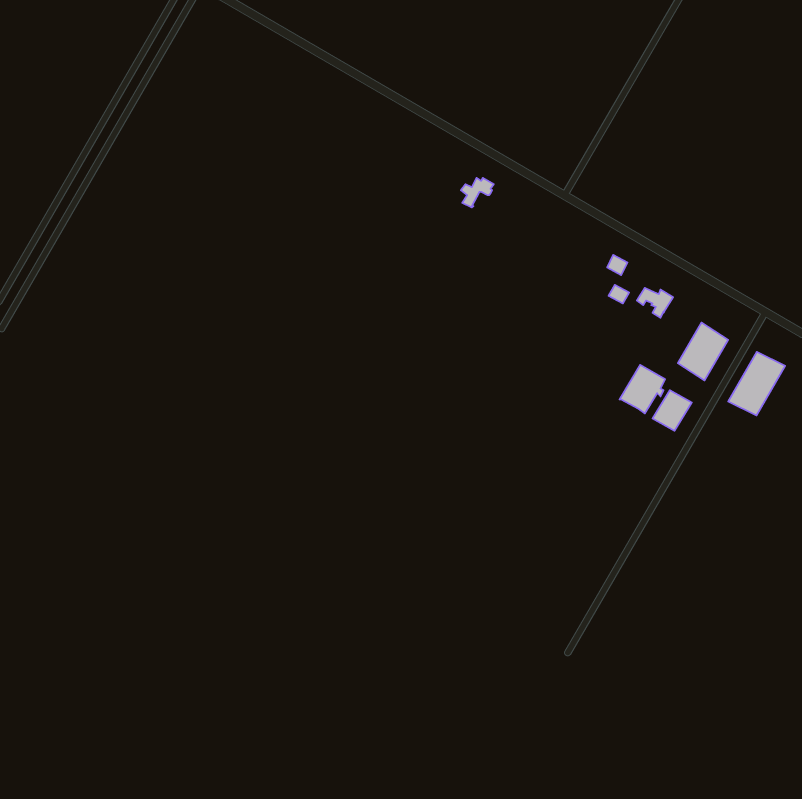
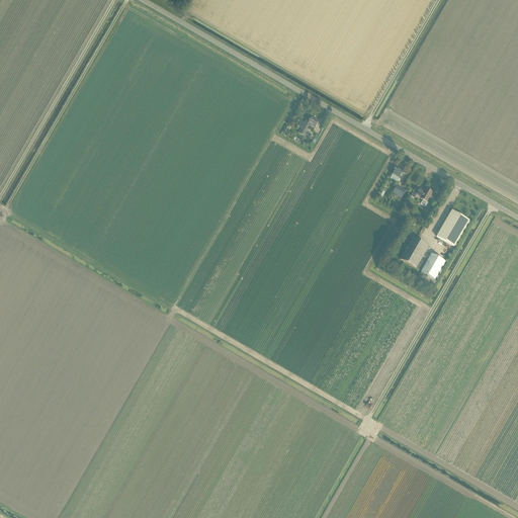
building: [728,352,785,416] -> none

